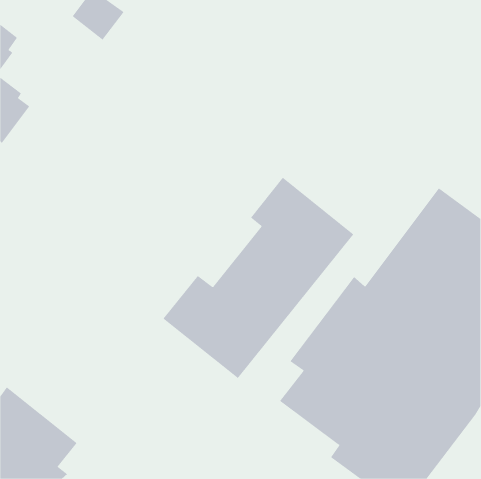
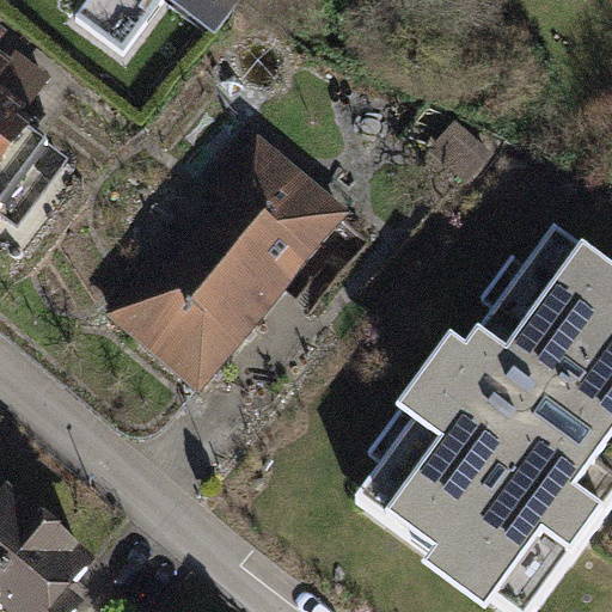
building: [163,177,354,379] -> [112,122,355,378]

